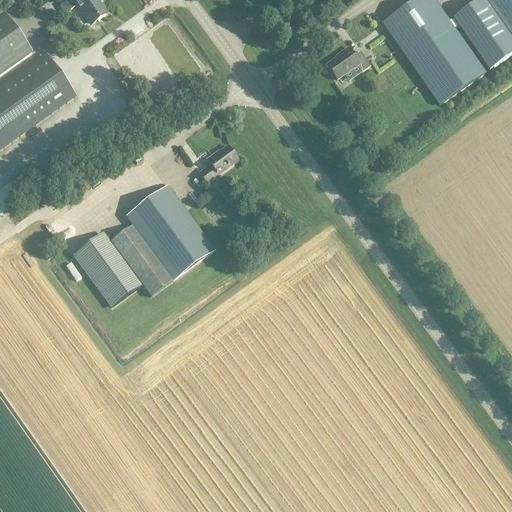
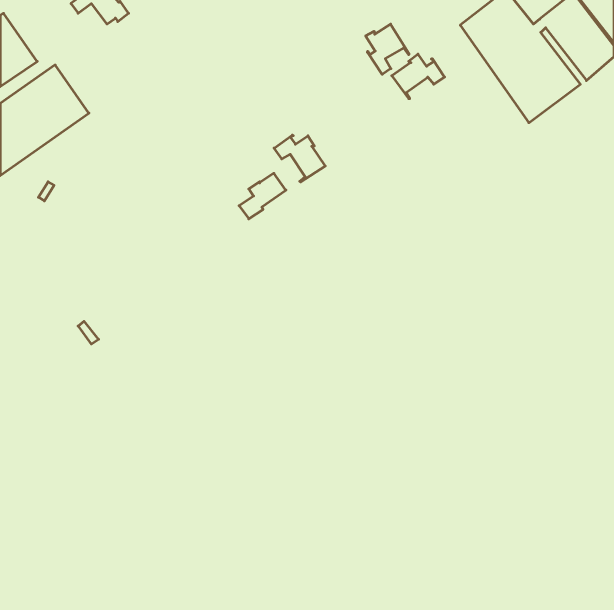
building: none -> [366,24,409,74]
building: none -> [274,135,325,182]
building: [74,186,213,305] -> none

